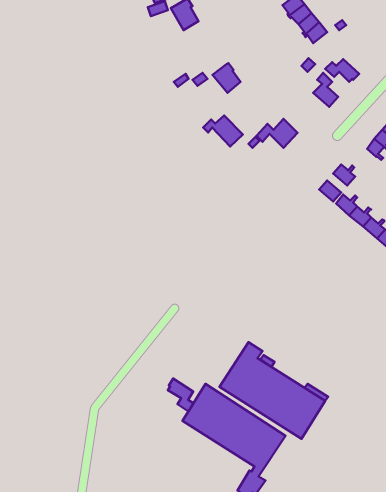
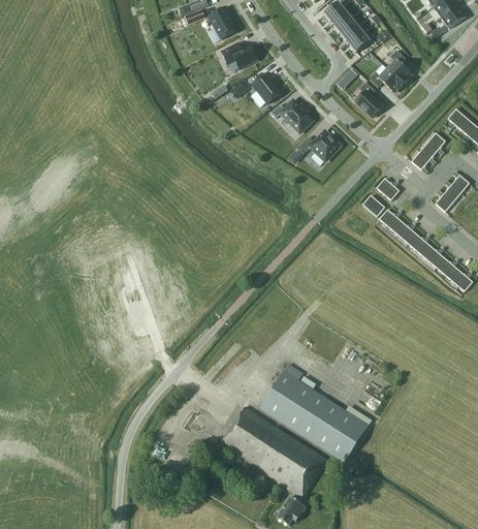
building: none -> [222,43,257,68]
building: none -> [387,50,411,85]
building: [203,115,243,146] -> [272,100,313,132]
building: [168,379,193,412] -> none

